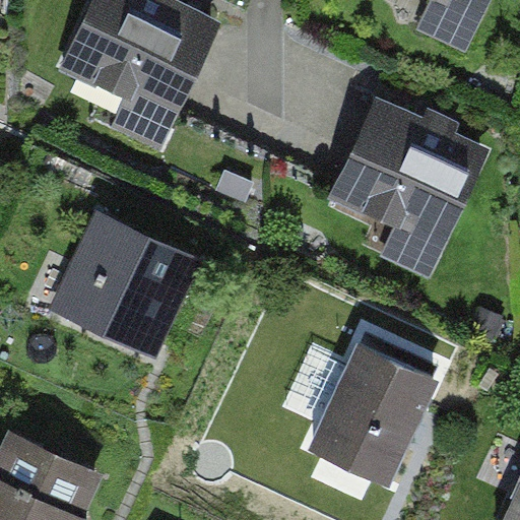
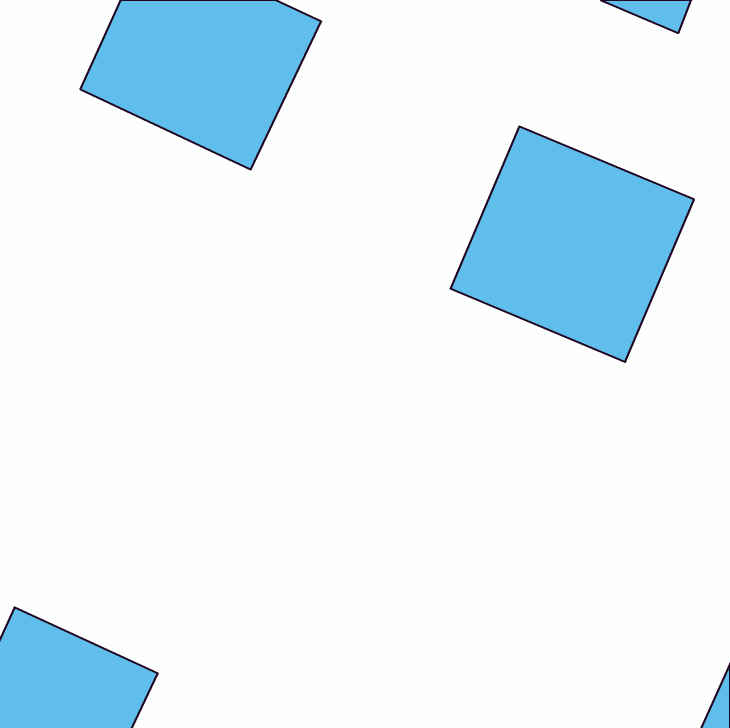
building: [44,209,195,358] -> none
building: [312,340,437,474] -> none

